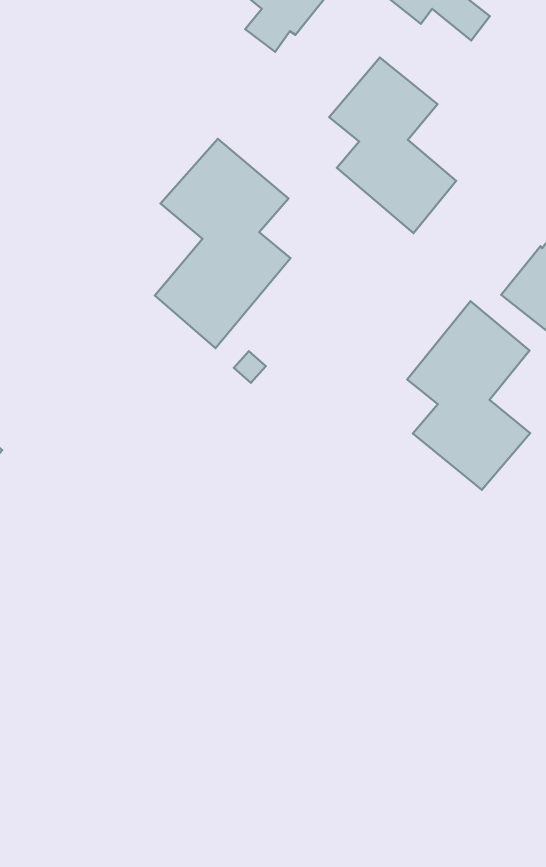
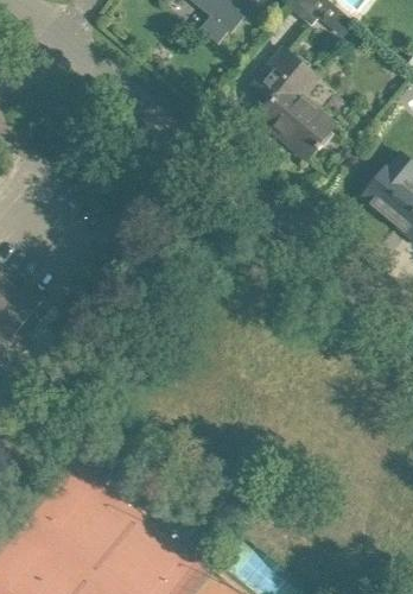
building: [155,139,290,348] -> none
building: [407,301,530,490] -> none

